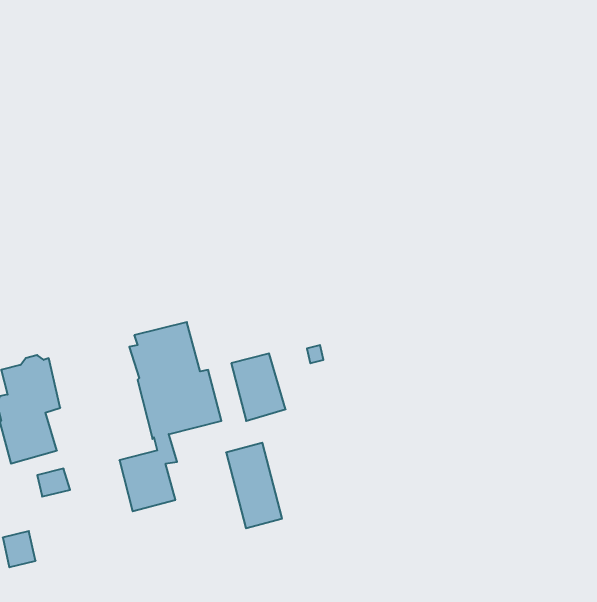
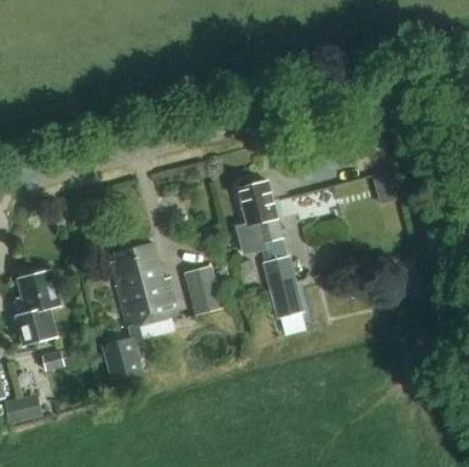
building: none -> [234,180,280,253]
building: [226,443,282,528] -> [262,254,303,317]

